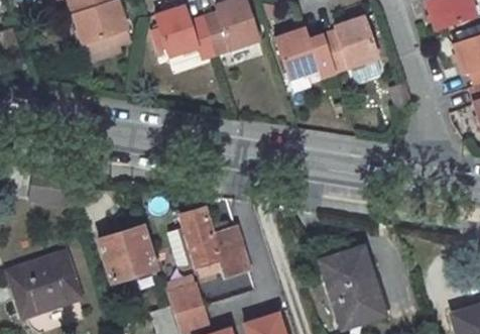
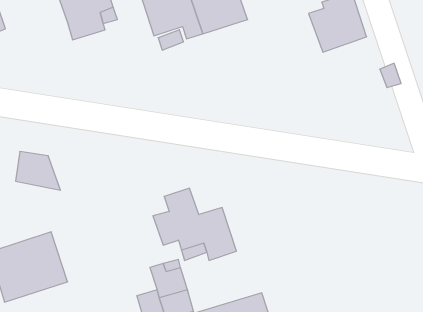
building: [274,25,336,79] -> none
building: [98,227,155,283] -> none
building: [320,248,383,325] -> none

